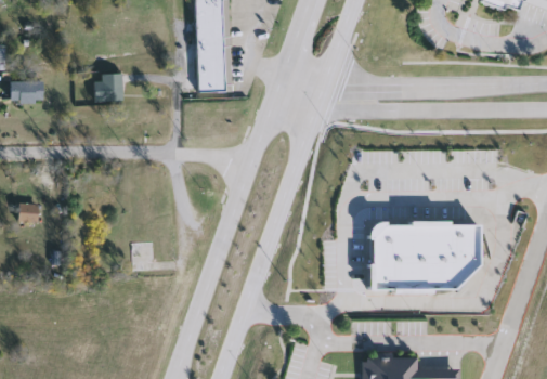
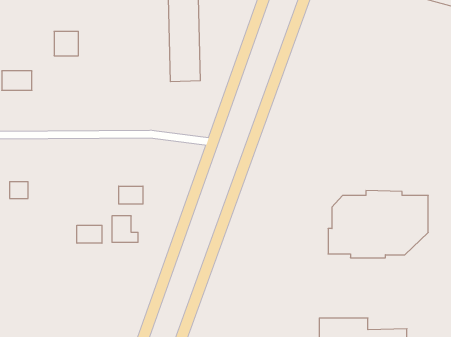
building: [95,75,122,102] -> [54,31,78,56]
building: none -> [119,186,143,204]
building: none -> [77,225,102,243]

